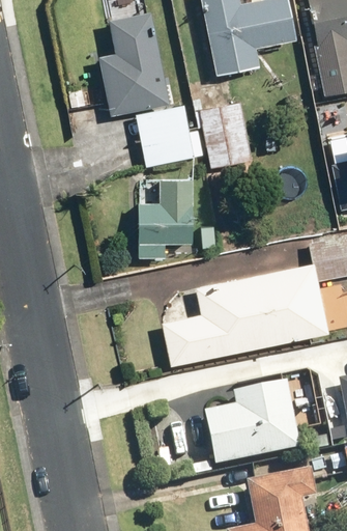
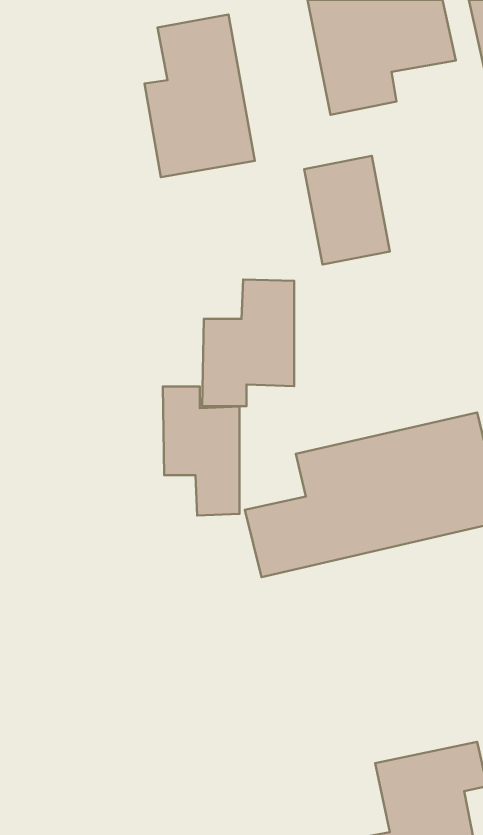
building: [137,102,196,165] -> none
building: none -> [163,386,239,515]
building: [184,381,300,465] -> none

